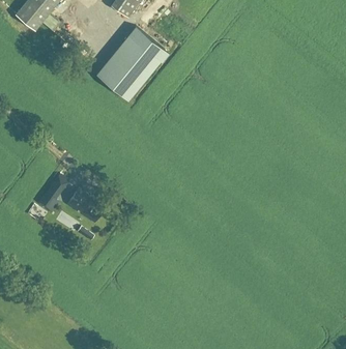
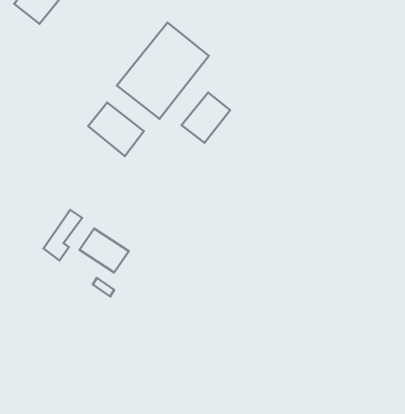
building: none -> [182,93,230,143]
building: none -> [88,102,144,156]

